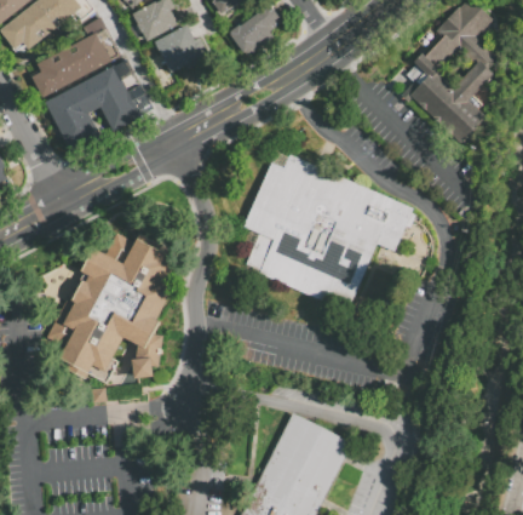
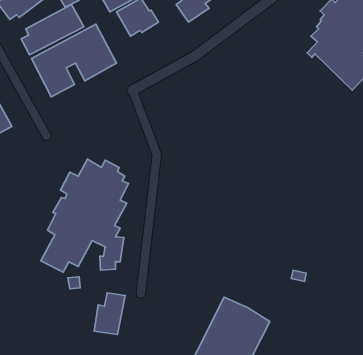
building: [243,148,415,311] -> none
building: none -> [94,293,125,335]

